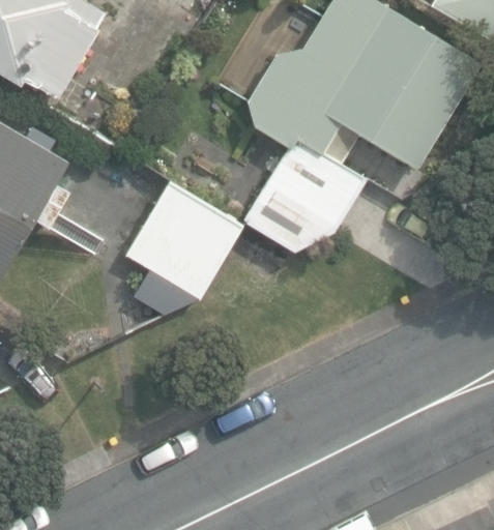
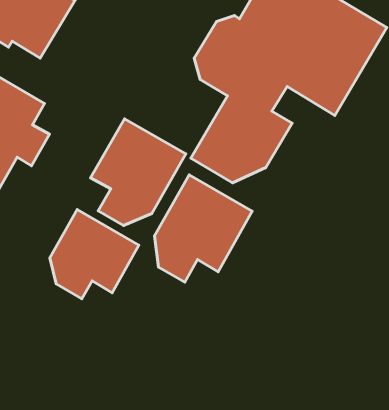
building: none -> [154,175,252,282]
building: none -> [50,210,139,299]

